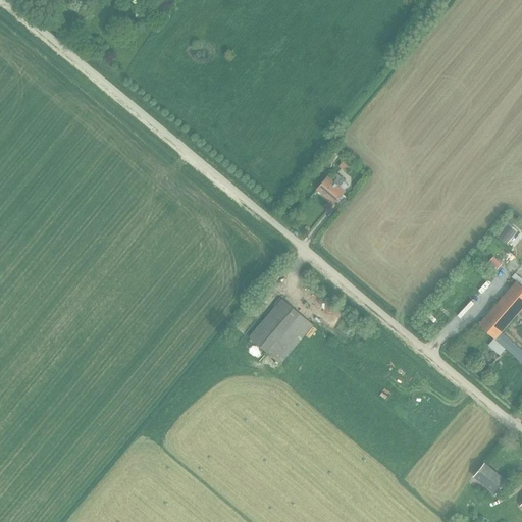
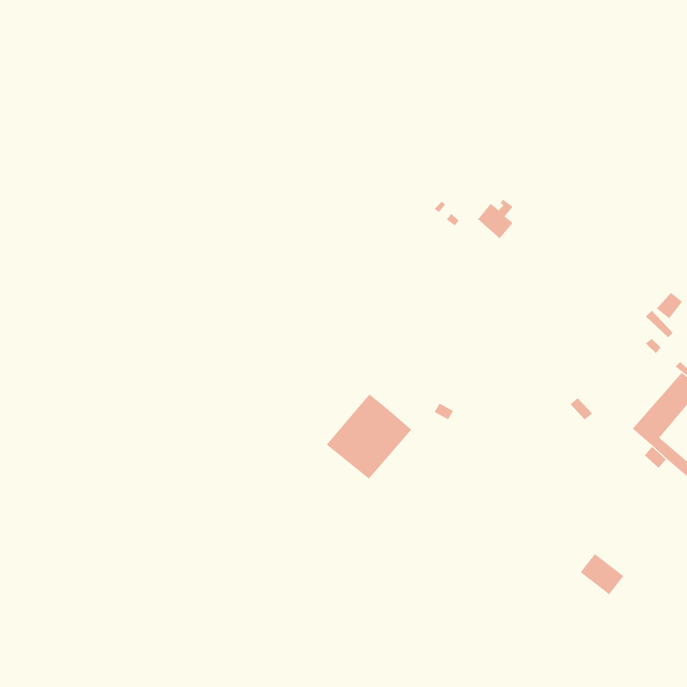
building: [316,172,344,203] -> [477,199,513,239]
building: [472,463,506,494] -> [580,553,624,595]

